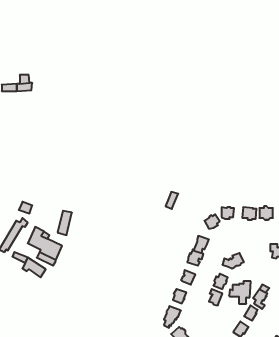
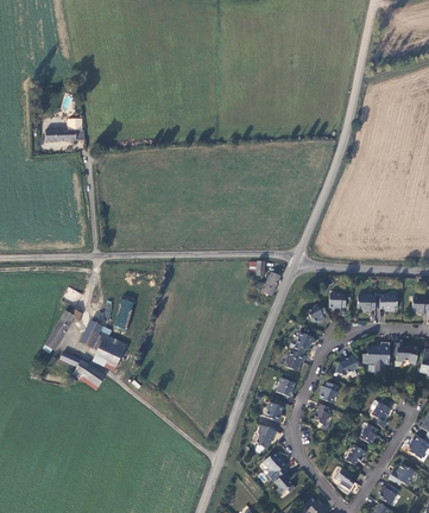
building: [229,281,251,304] -> [362,342,391,372]

